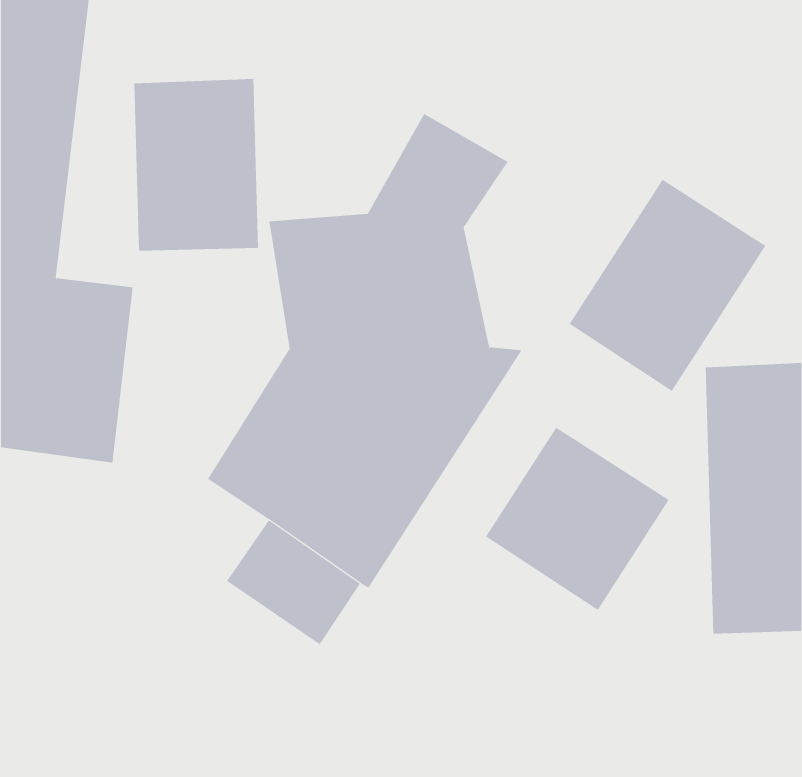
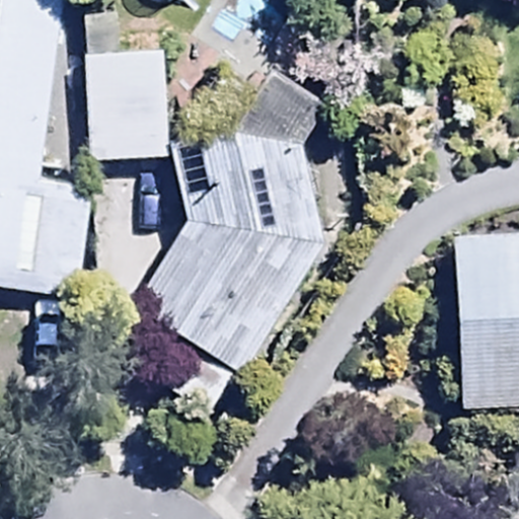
building: [569,179,766,392] -> none
building: [485,427,670,611] -> none

